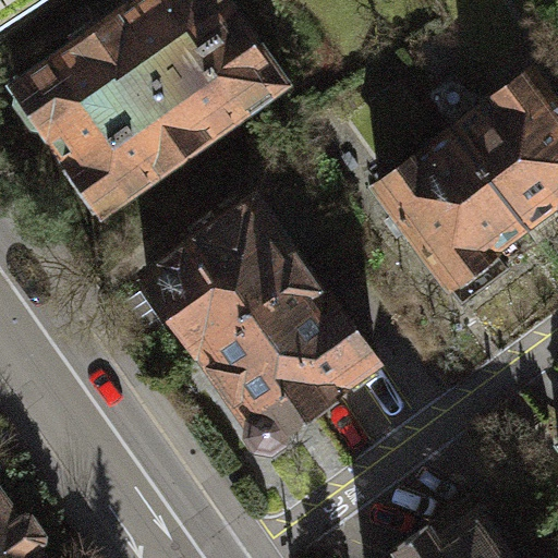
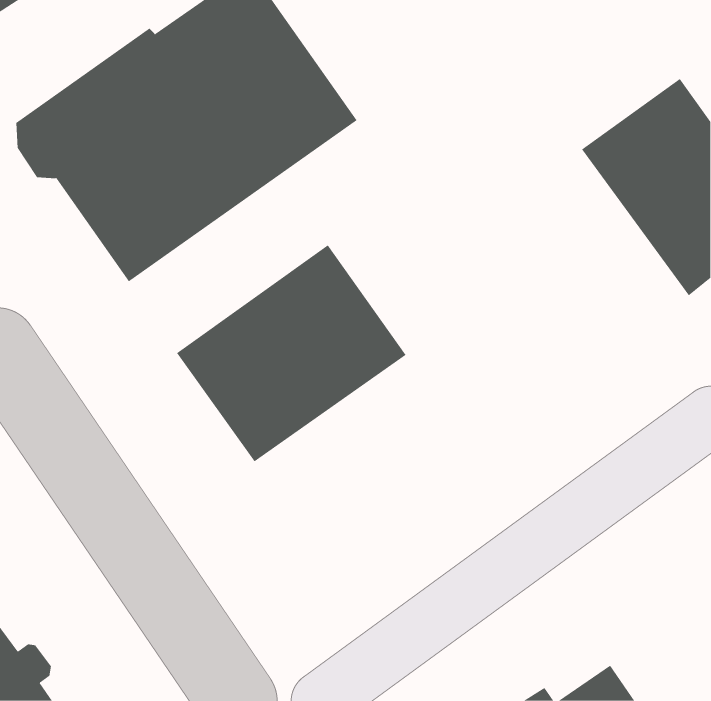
building: [372,117,537,290] -> none
building: [198,277,384,459] -> none

